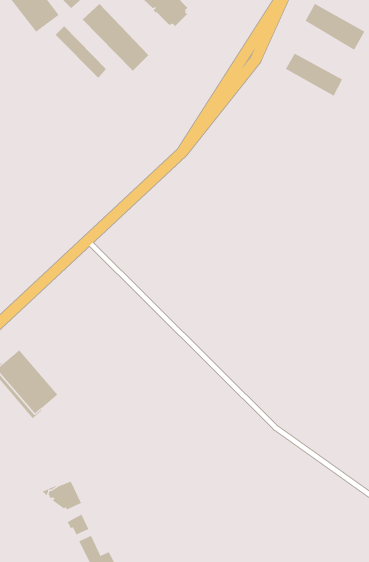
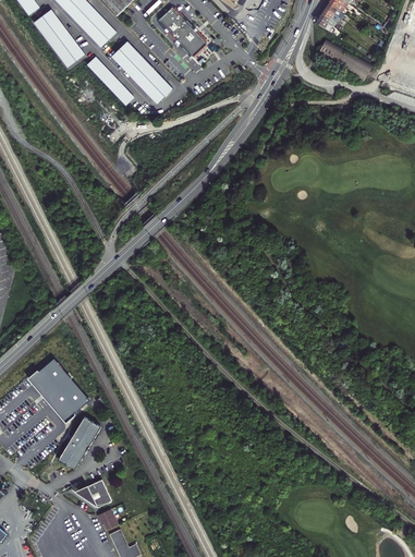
building: [285,53,343,96] -> none
building: none -> [58,416,100,469]

